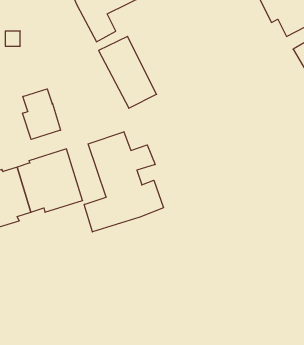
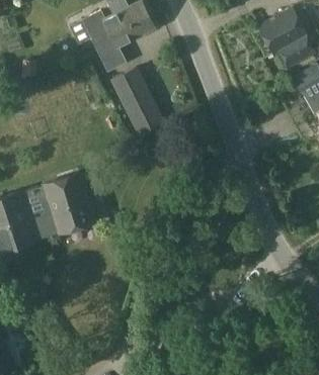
building: [23,89,61,139] -> none
building: [84,132,164,232] -> none

